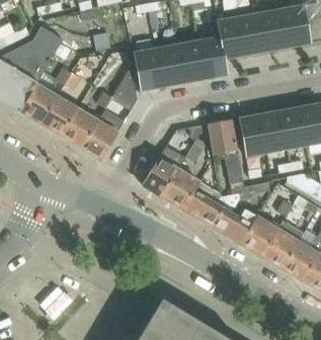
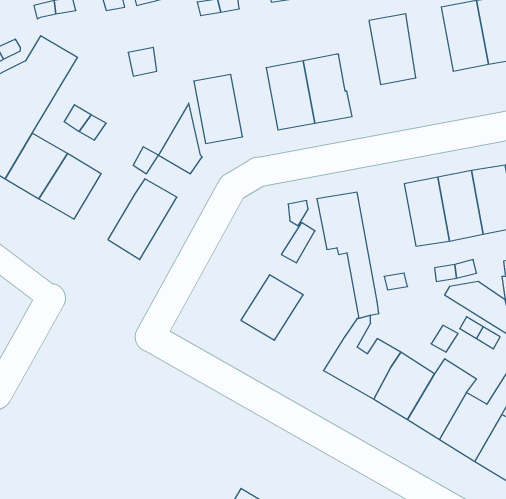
building: [260,8,289,51] -> none
building: [216,16,245,59] -> none
building: [155,45,183,86] -> none
building: [61,108,97,148] -> none
building: [238,114,266,156] -> none
building: [142,147,184,196] -> none
building: [181,181,231,227] -> none

